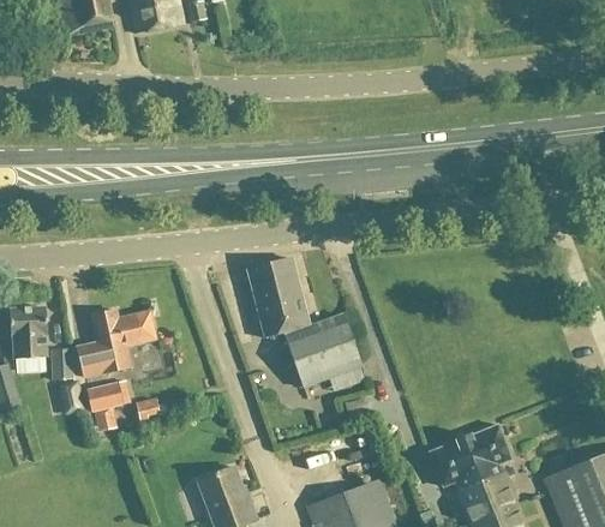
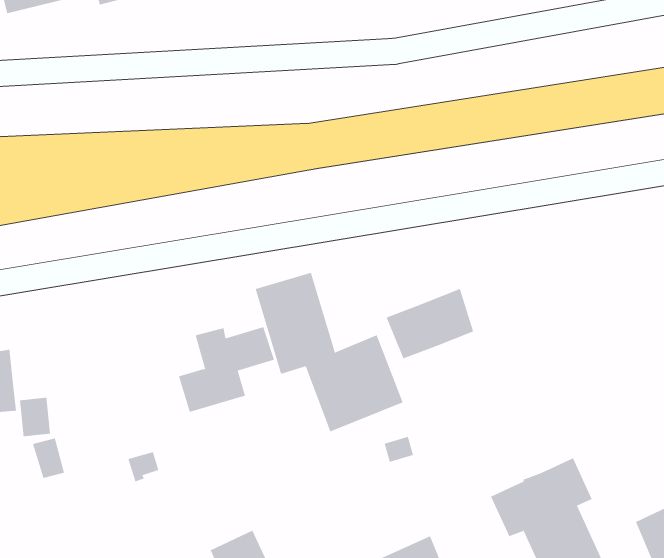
building: none -> [386,288,474,359]
building: [77,310,156,377] -> [178,327,275,412]
building: [84,382,131,414] -> none

